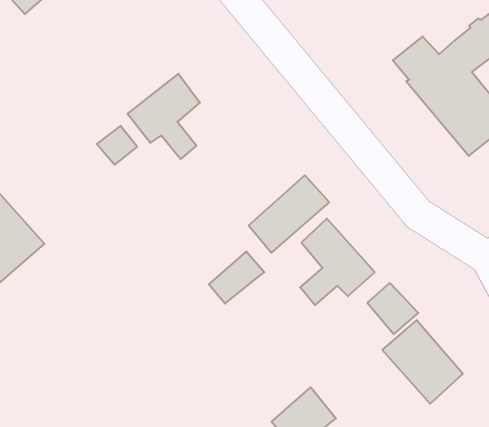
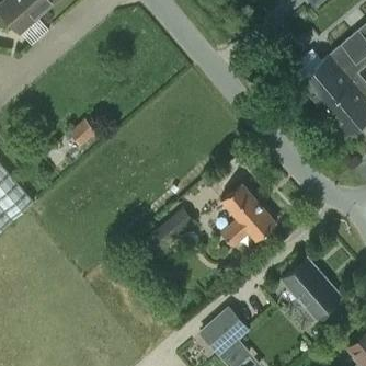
building: [127,74,200,159] -> none
building: [249,175,329,253] -> none
building: [367,283,418,334] -> none

